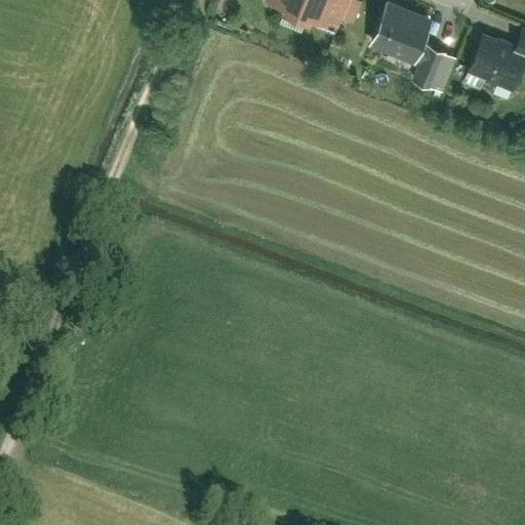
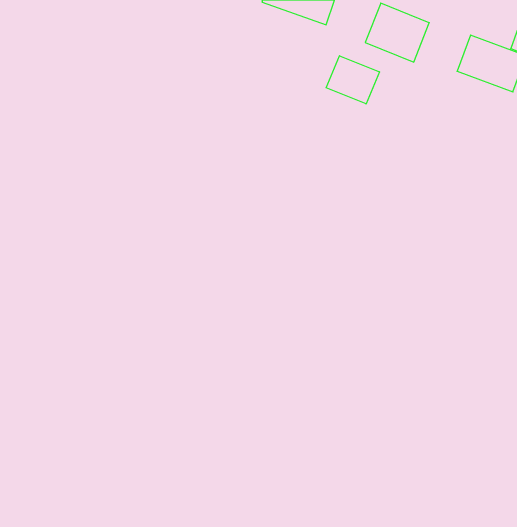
building: [414,47,456,93] -> none
building: none -> [326,56,379,104]

